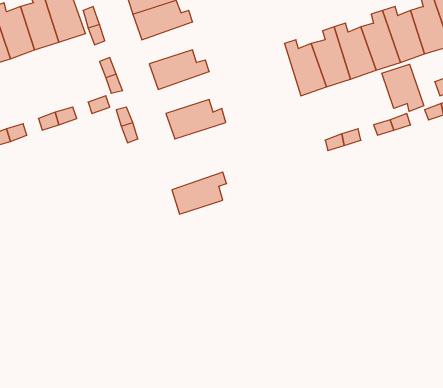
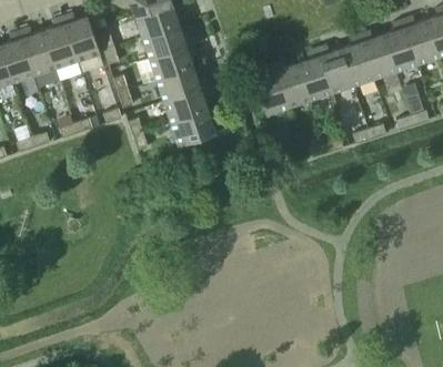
building: none -> [150,44,198,81]
building: none -> [254,63,289,116]
building: [382,64,424,111] -> none
building: [172,172,227,214] -> [164,88,212,124]

